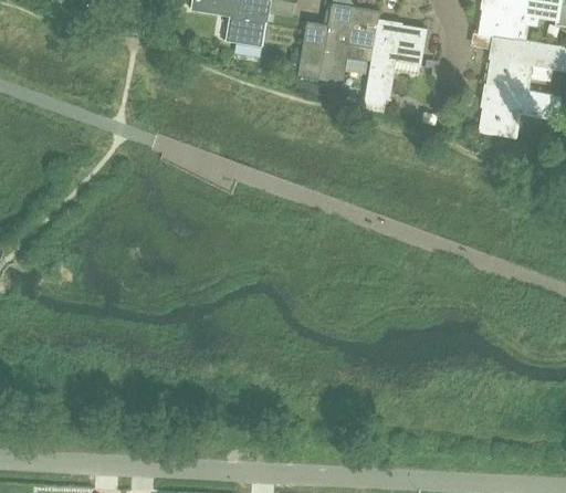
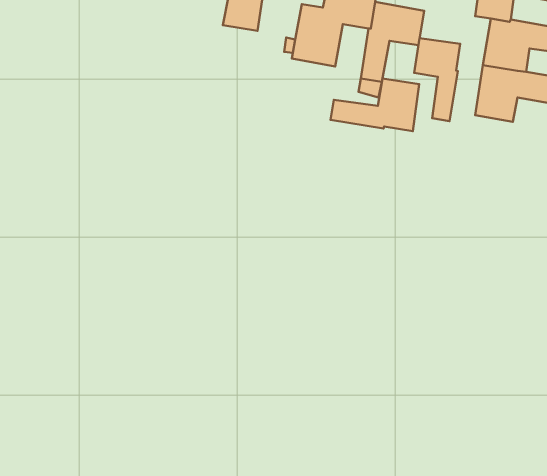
building: none -> [414,38,460,121]
building: none -> [330,78,419,131]

